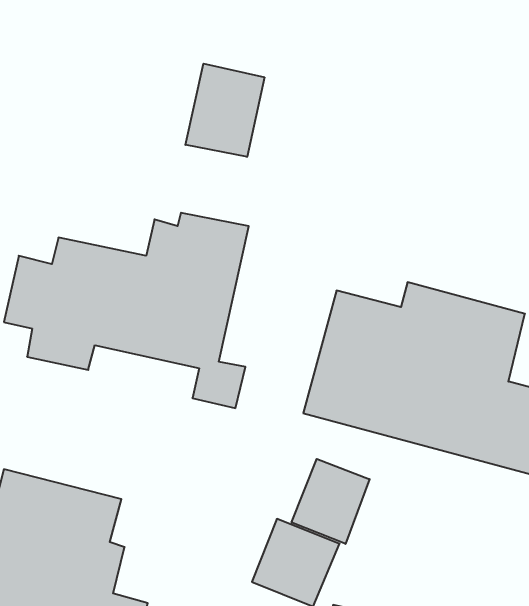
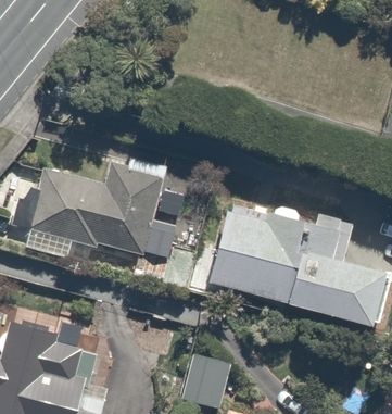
building: [185,64,264,157] -> none
building: [292,459,370,544] -> none

